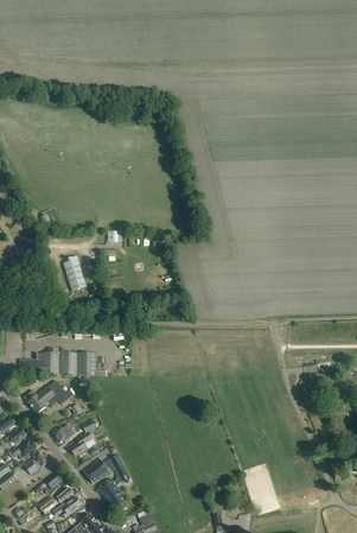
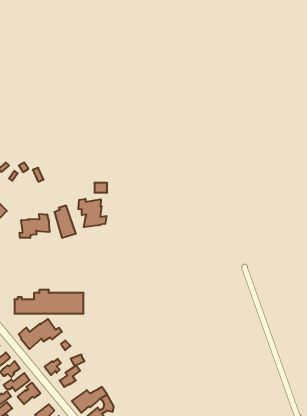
building: none -> [78,199,107,227]
building: none -> [20,214,49,238]

